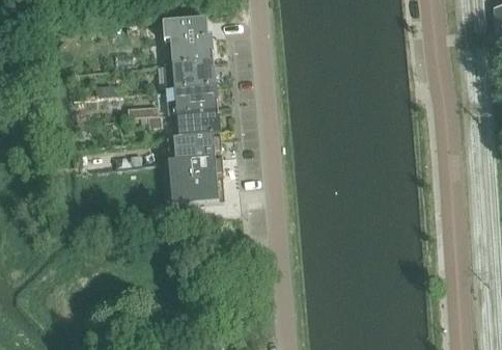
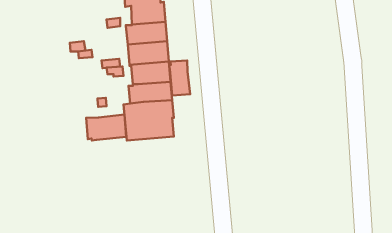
building: none -> [169,60,190,96]
building: none -> [86,115,126,141]

